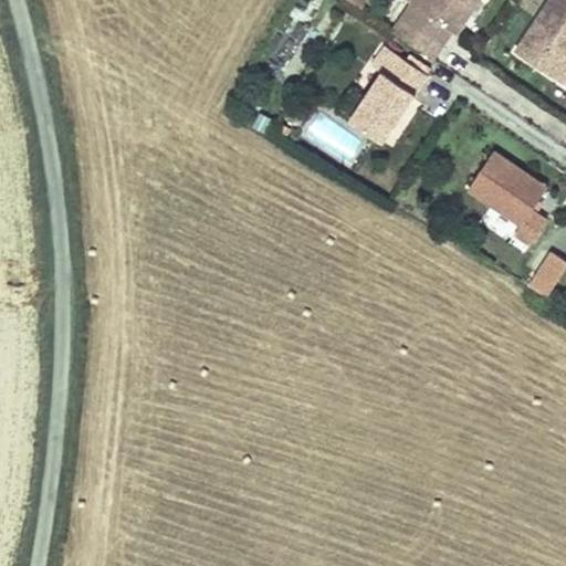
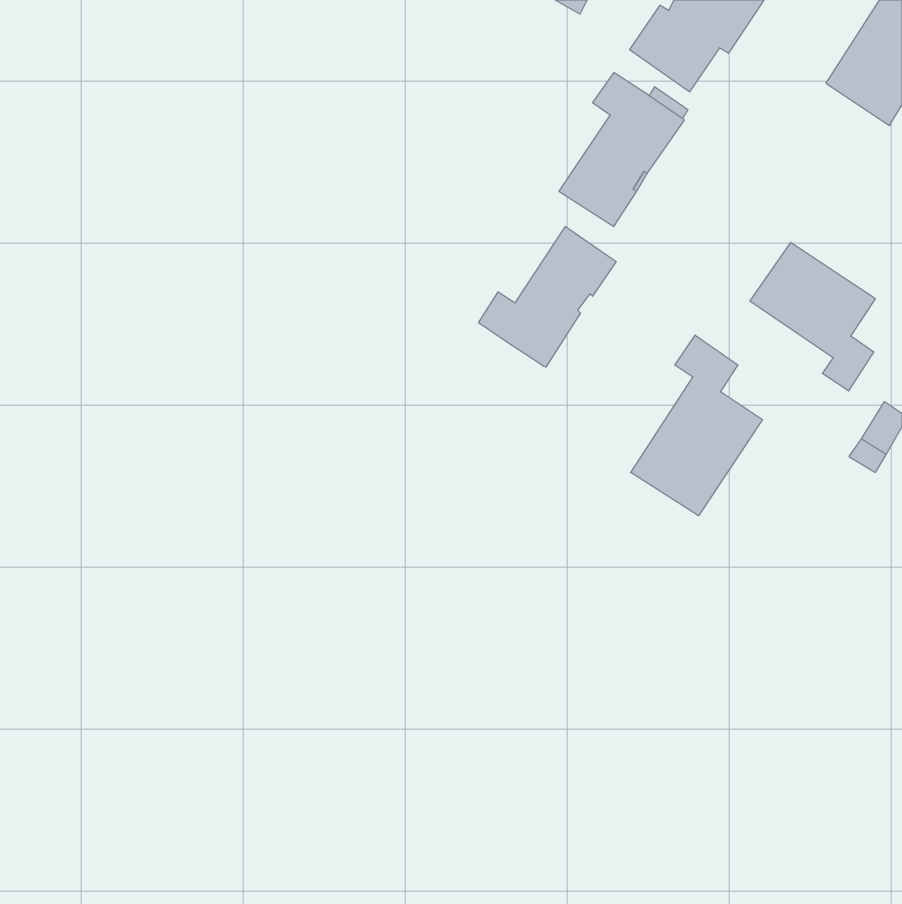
building: none -> [479,227,616,367]
building: none -> [631,335,763,516]

